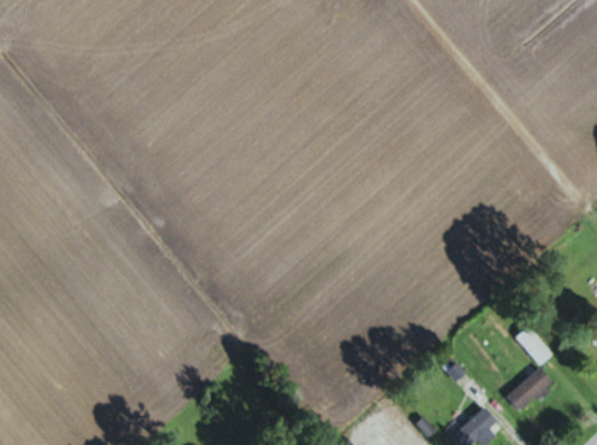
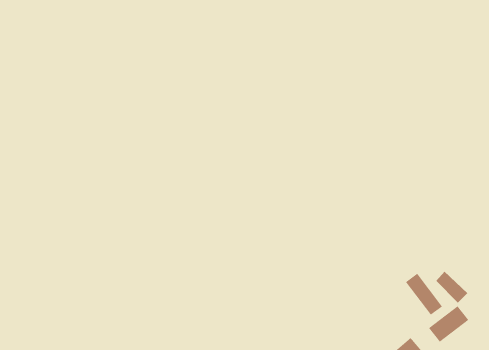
building: none -> [405,273,443,316]

